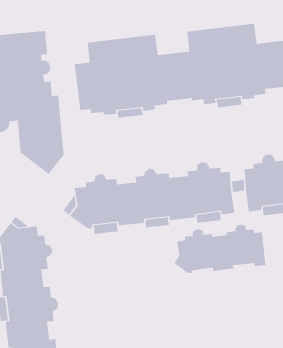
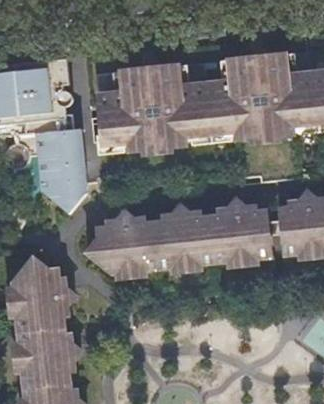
building: [173,224,266,274] -> none

